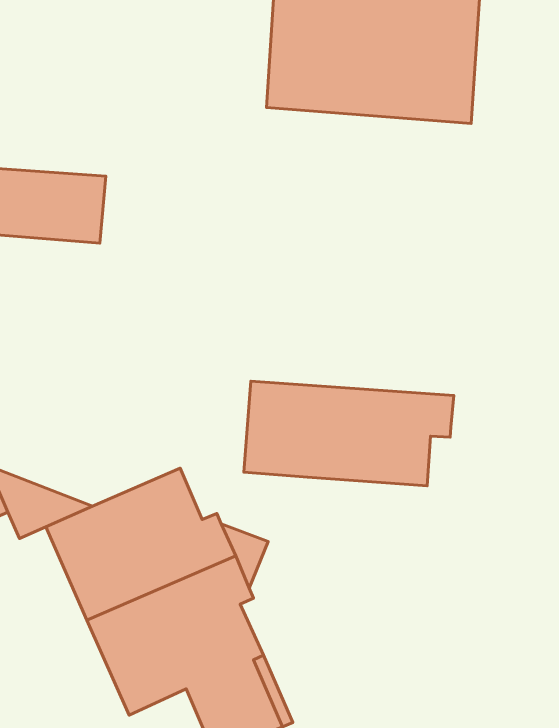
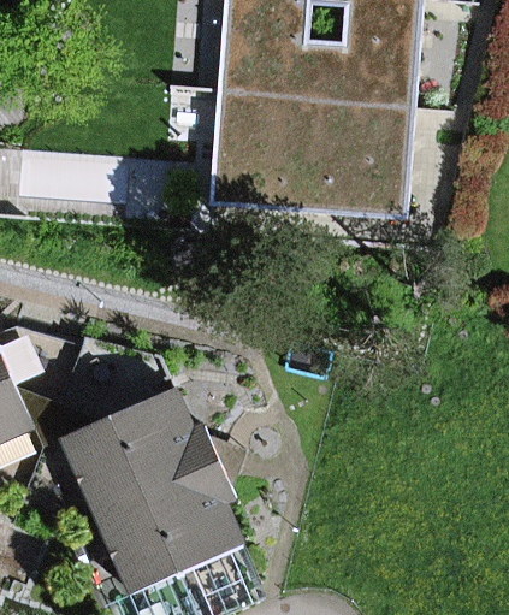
building: none -> [231,93,408,220]
building: [244,381,454,486] -> none

